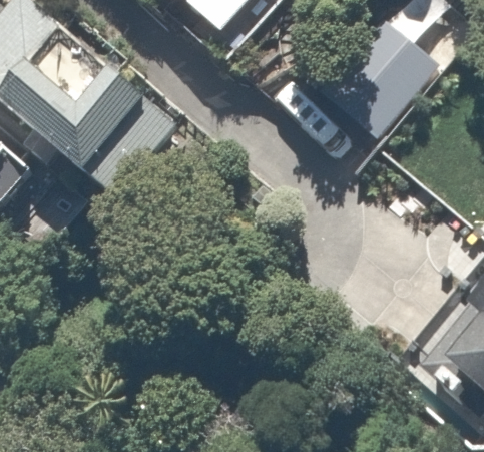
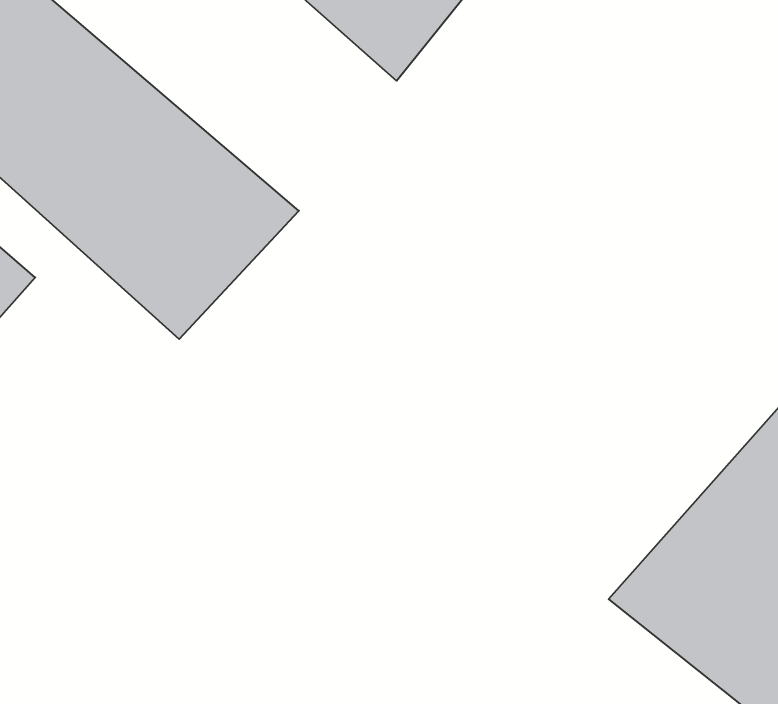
building: [321,18,445,139] -> none

